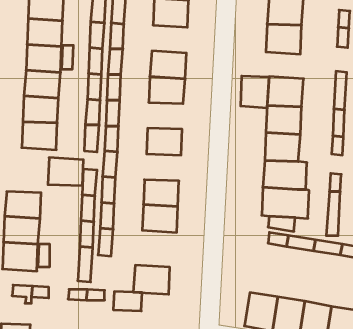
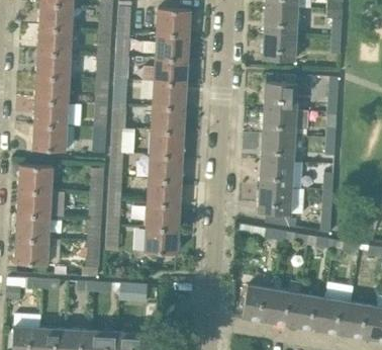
building: none -> [156,33,189,60]
building: [241,76,269,108] -> none
building: none -> [152,106,185,132]
building: none -> [149,155,183,180]
building: [48,158,83,186] -> [19,165,53,191]
building: [133,265,170,294] -> [145,227,179,254]

